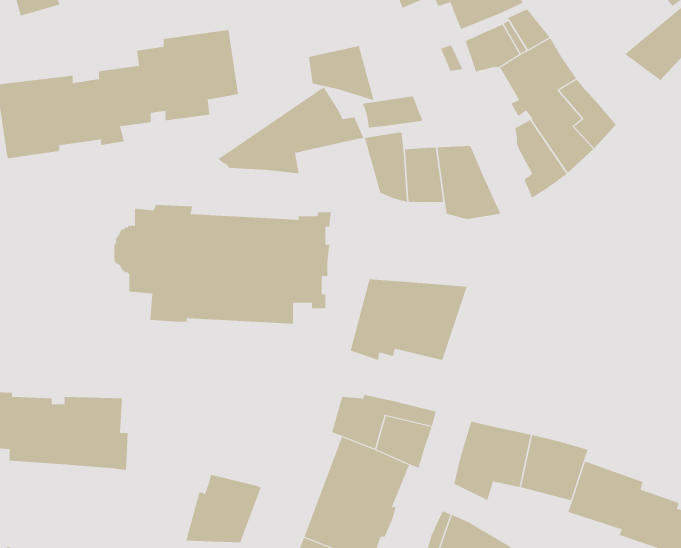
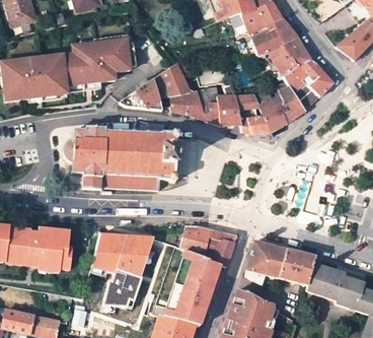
building: [308,46,375,101] -> [169,90,205,120]
building: none -> [254,92,286,131]
building: [350,279,468,360] -> [90,232,153,276]

